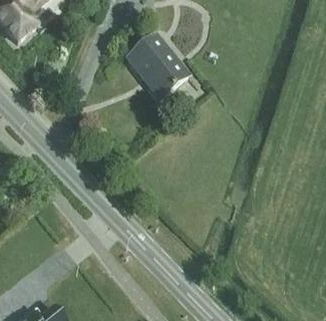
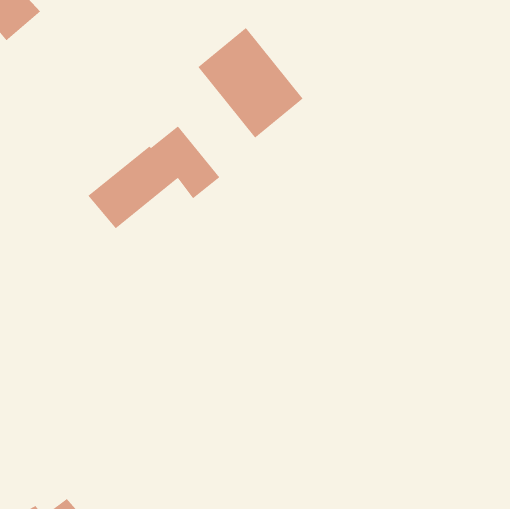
building: none -> [87,126,220,229]

